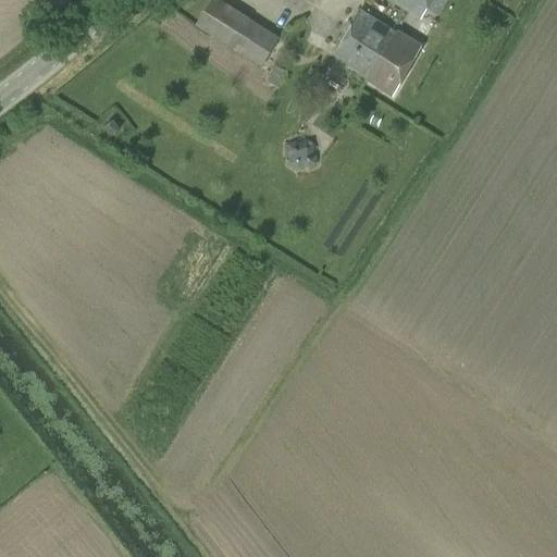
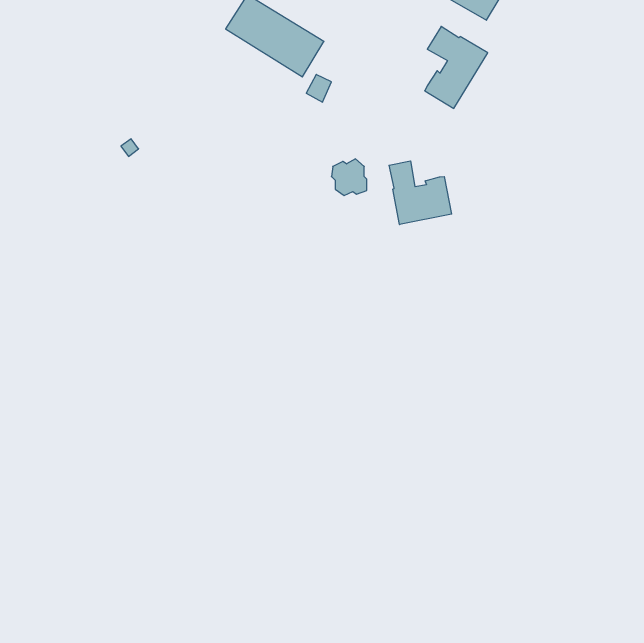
building: [334,11,386,74] -> none
building: none -> [389,161,452,225]

